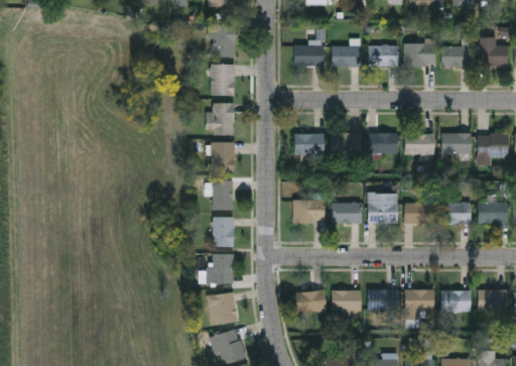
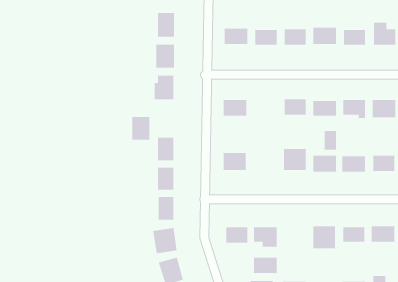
building: [331,132,361,153] -> none
building: [211,142,234,172] -> [132,116,150,140]
building: none -> [324,130,337,151]
building: [333,202,361,223] -> none
building: [367,289,397,311] -> [253,257,278,274]

